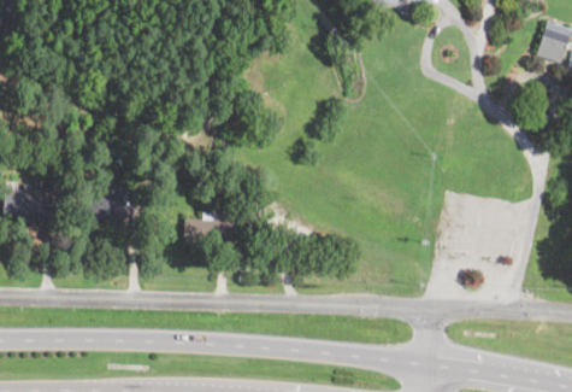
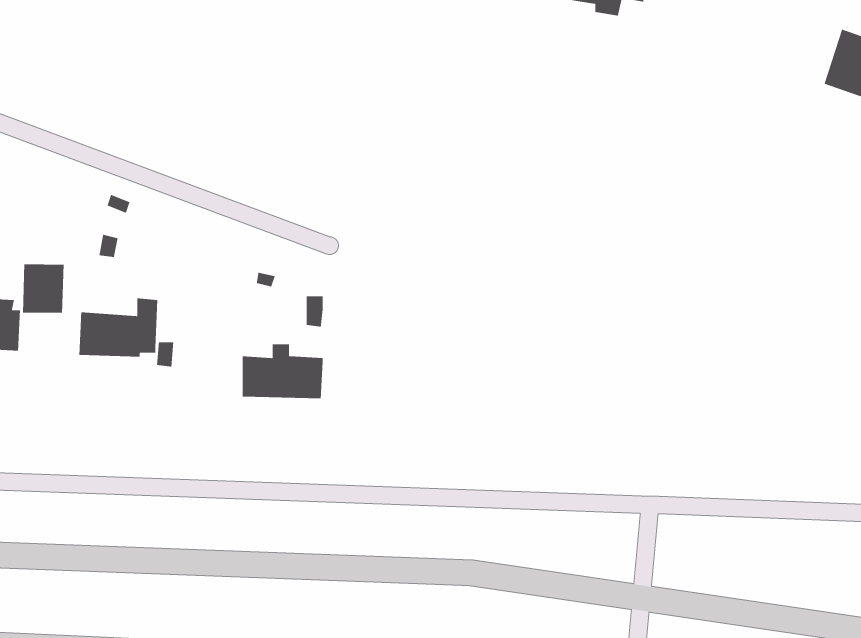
building: none -> [22,264,64,314]

